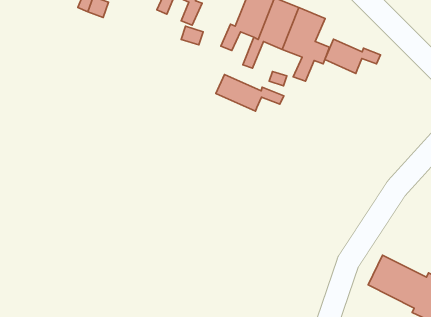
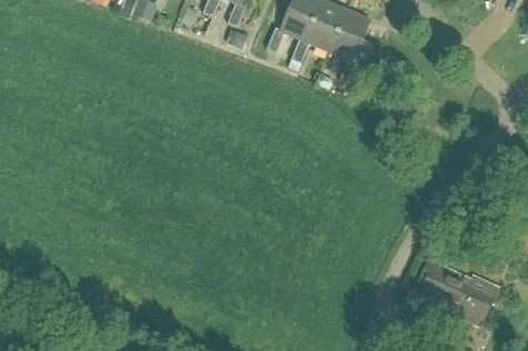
building: [325,39,381,74] -> none
building: [216,75,284,111] -> none

